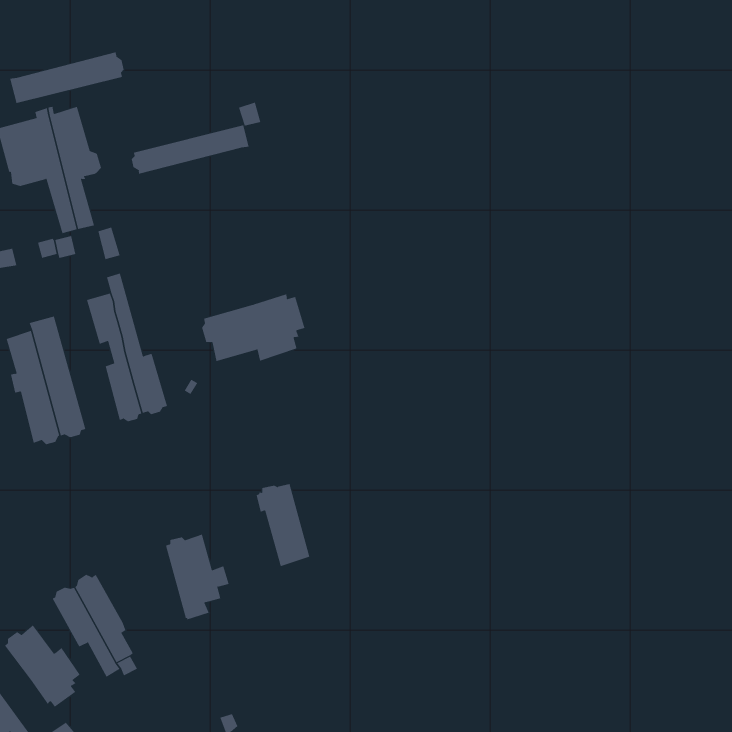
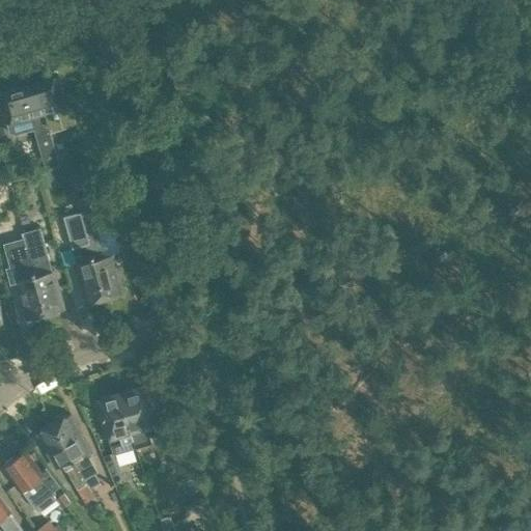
building: [10,52,124,104] -> none
building: [131,125,249,175] -> none
building: [201,294,305,362] -> none
building: [256,484,310,567] -> [94,395,134,455]

